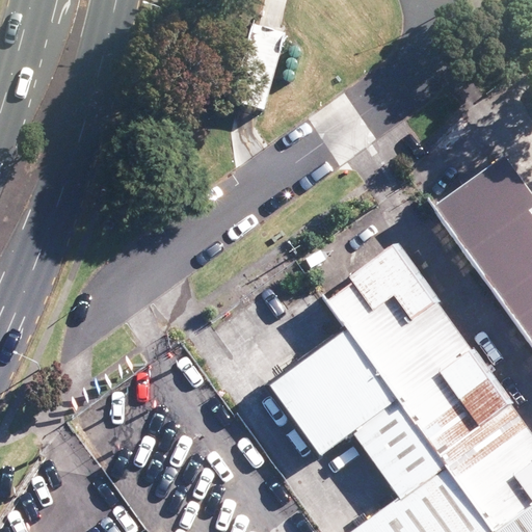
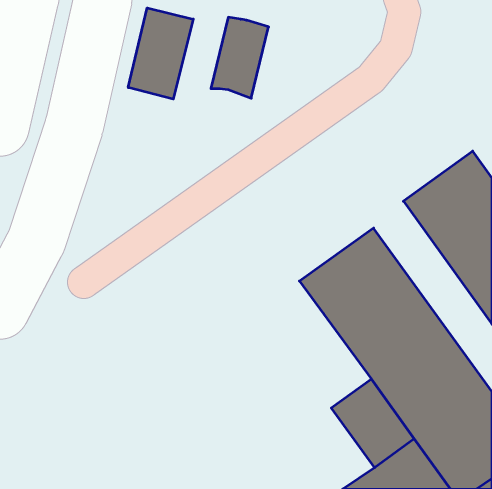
building: none -> [128,8,193,99]
building: [276,339,401,462] -> none

